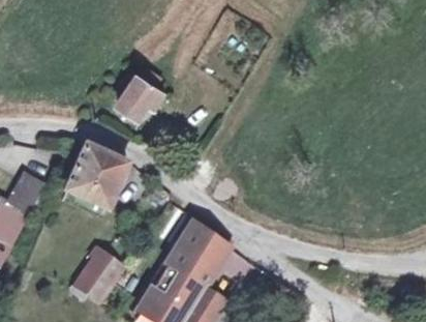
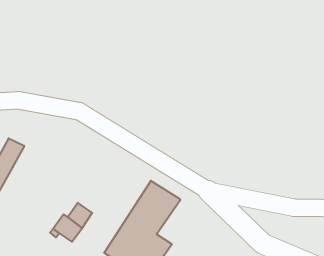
building: [116,77,164,115] -> none
building: [65,144,126,209] -> none

